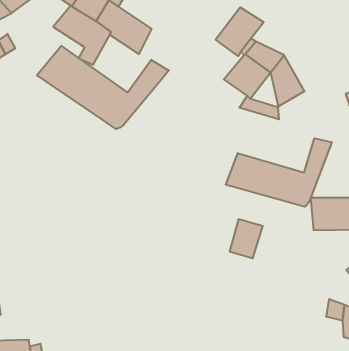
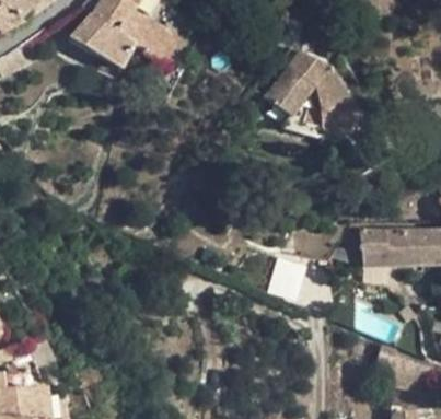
building: [216,7,264,56] -> none
building: [37,46,169,129] -> none
building: [226,138,332,207] -> none

